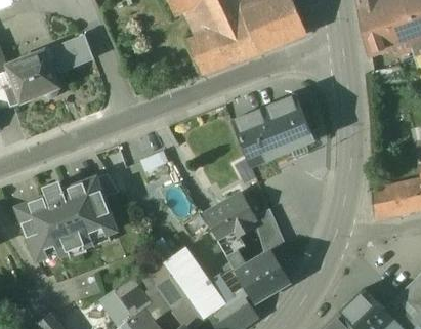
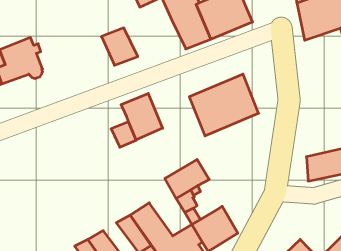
building: [185,30,228,74] -> [101,28,138,65]
building: [51,35,94,71] -> none
building: none -> [121,93,163,140]
building: [17,177,116,259] -> none
building: [256,210,284,251] -> none

